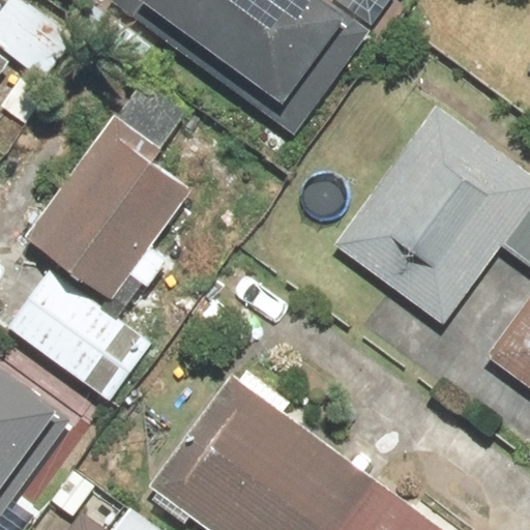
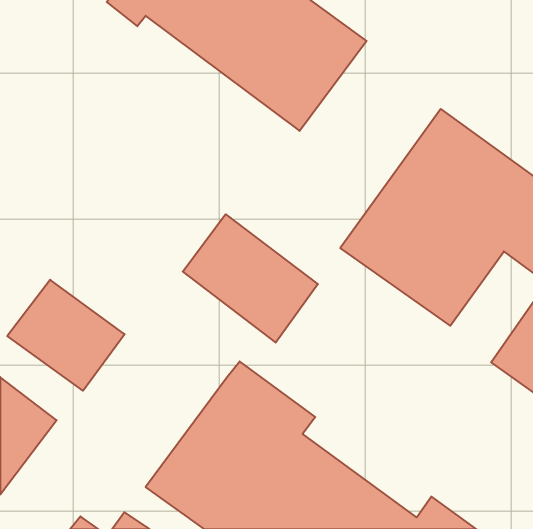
building: [20,84,190,306] -> none
building: none -> [183,214,318,343]

